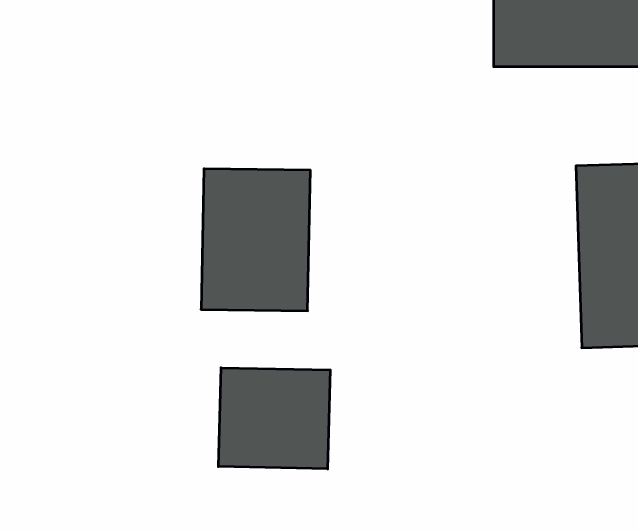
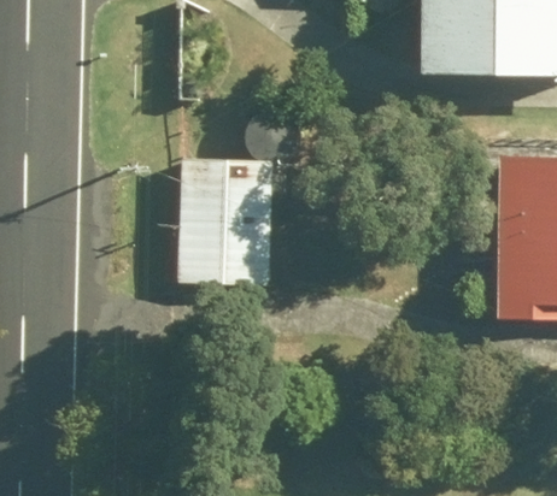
building: [218,368,330,469] -> none

